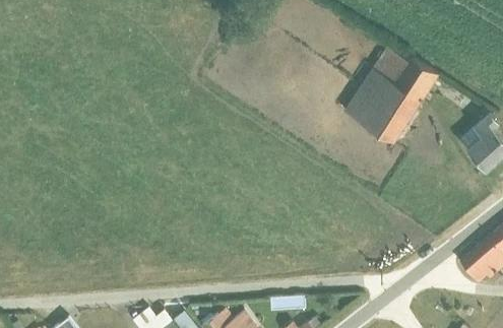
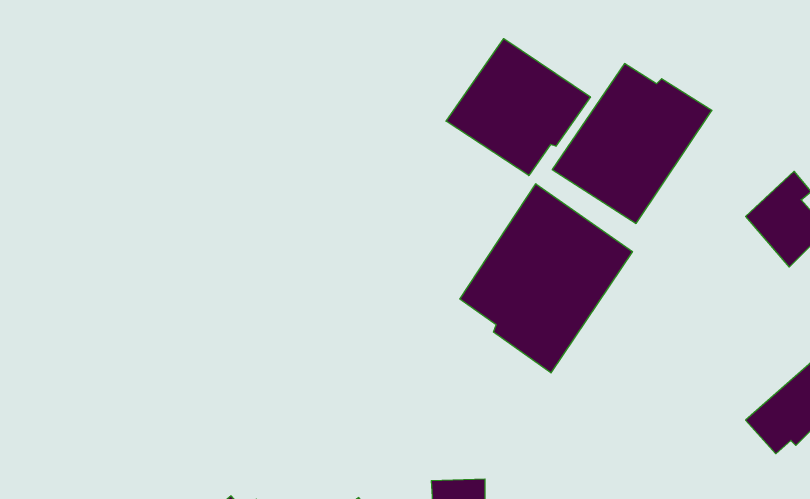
building: none -> [446,39,590,176]
building: none -> [460,184,632,373]

